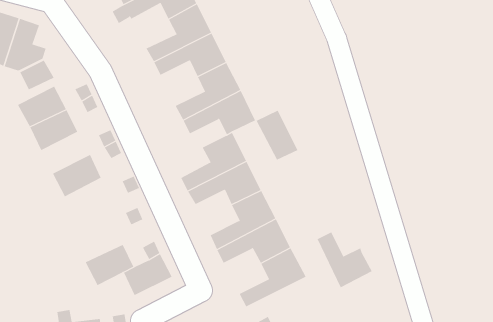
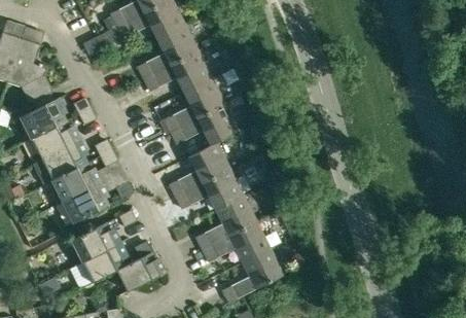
building: [256,110,298,160] -> none
building: none -> [33,142,86,185]
building: none -> [63,184,108,222]
building: none -> [70,222,116,261]
building: [317,232,372,288] -> none

